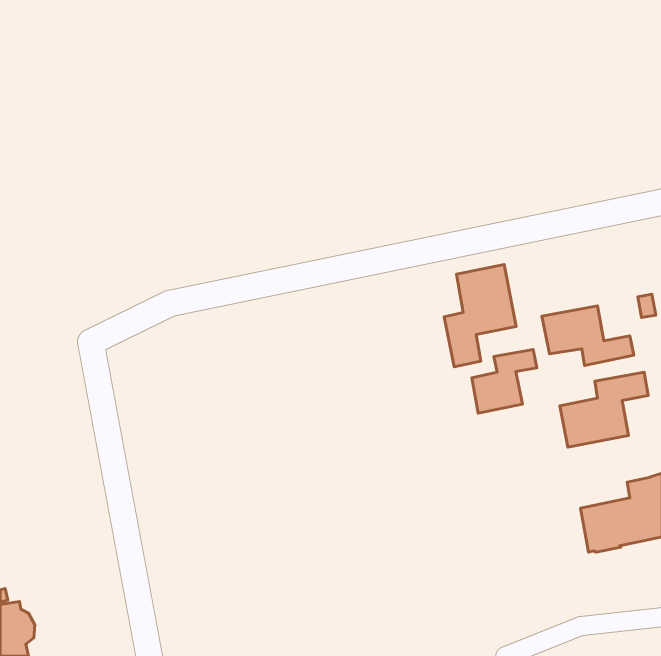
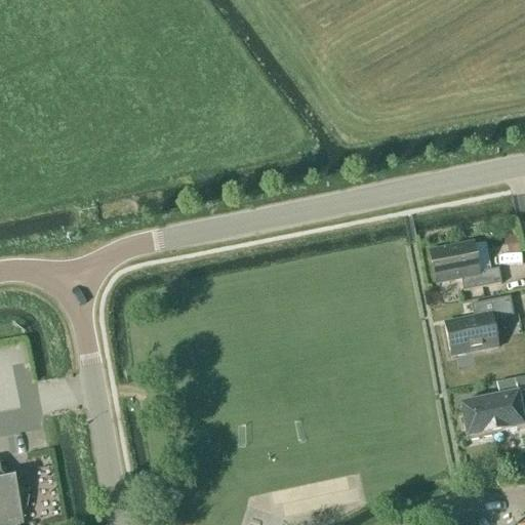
building: [444,265,516,367] -> none
building: [472,350,537,413] -> none

